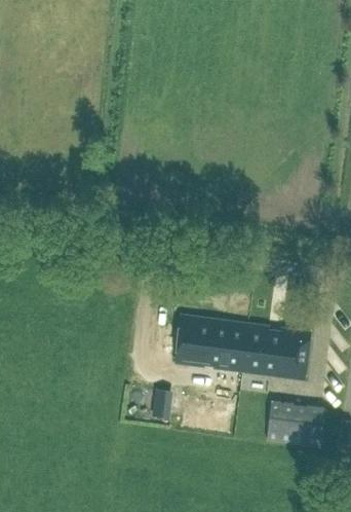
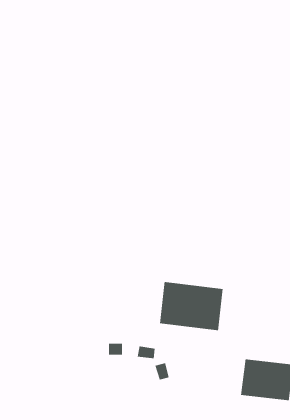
building: [242,325,310,379] -> none

